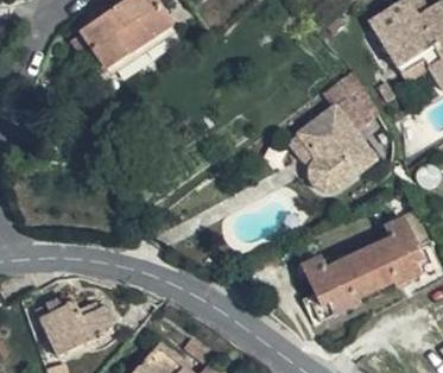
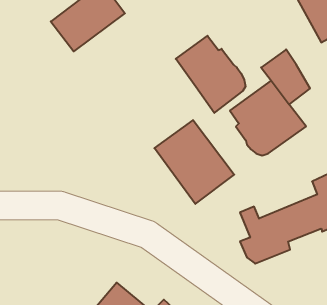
building: none -> [176,36,245,113]
building: none -> [154,120,234,204]
building: [37,293,118,353] -> none

